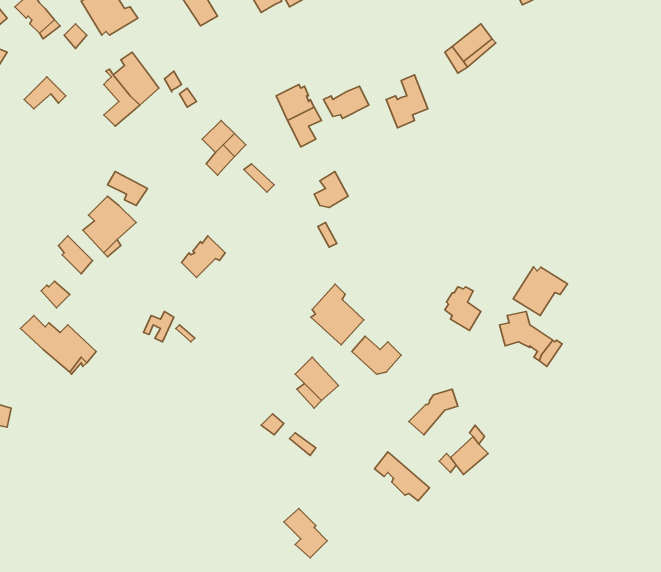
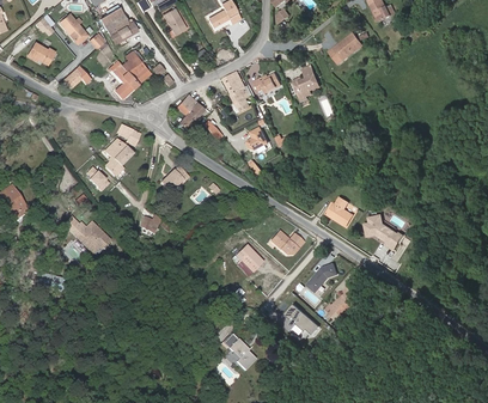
building: [513,267,568,316] -> none
building: [311,284,364,345] -> none

